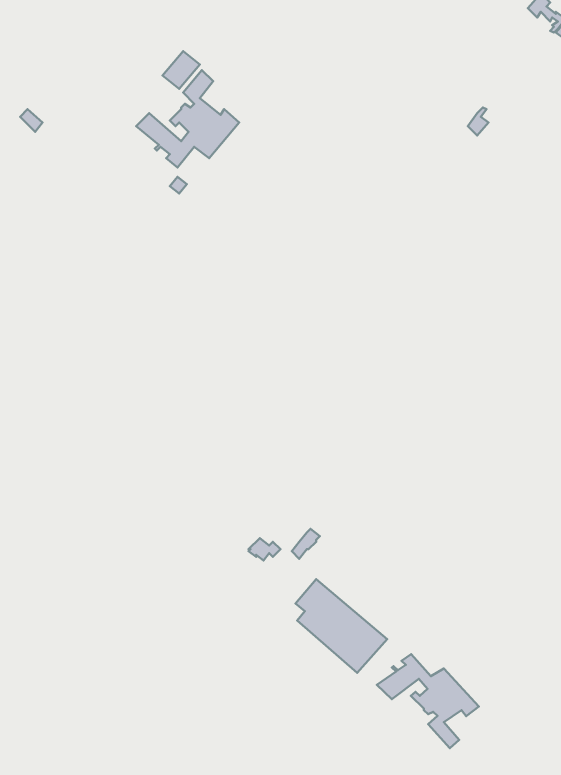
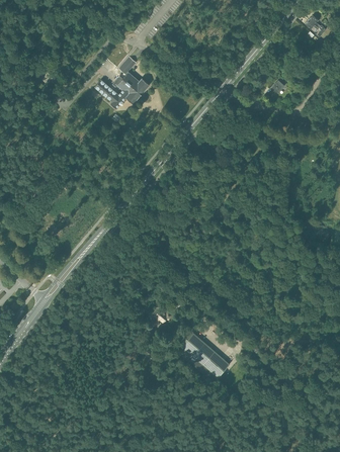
building: [377,654,479,748] -> none

